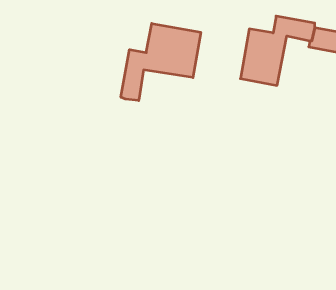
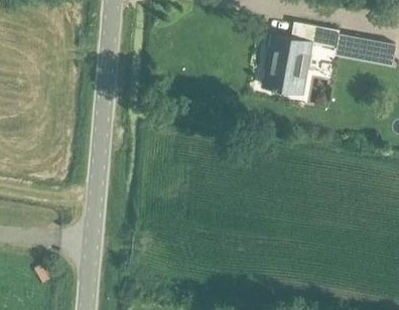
building: [121,23,201,101] -> none

